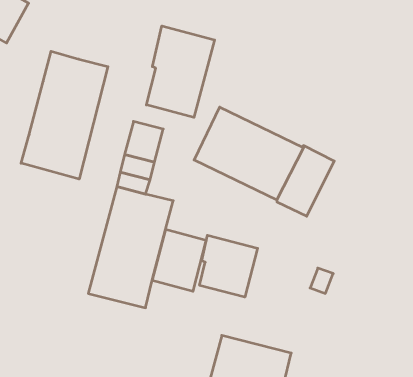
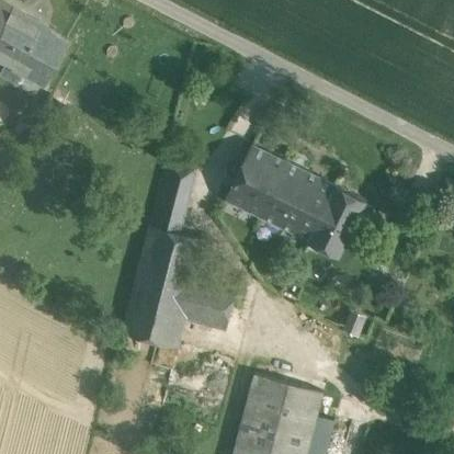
building: [146,26,215,117] -> none
building: [21,51,108,179] -> none
building: [200,235,258,297] -> none

